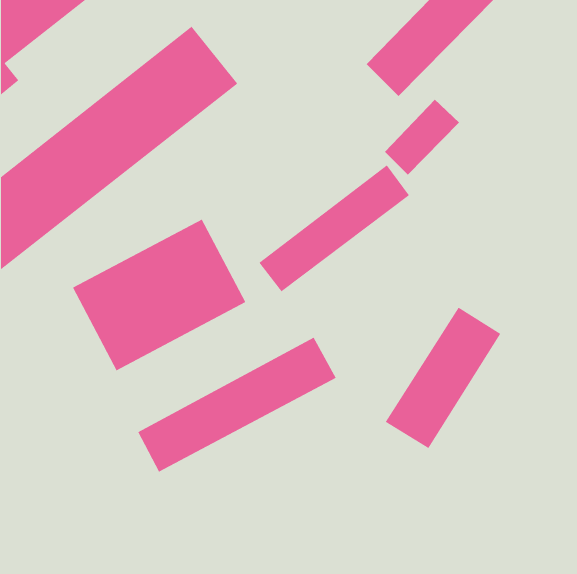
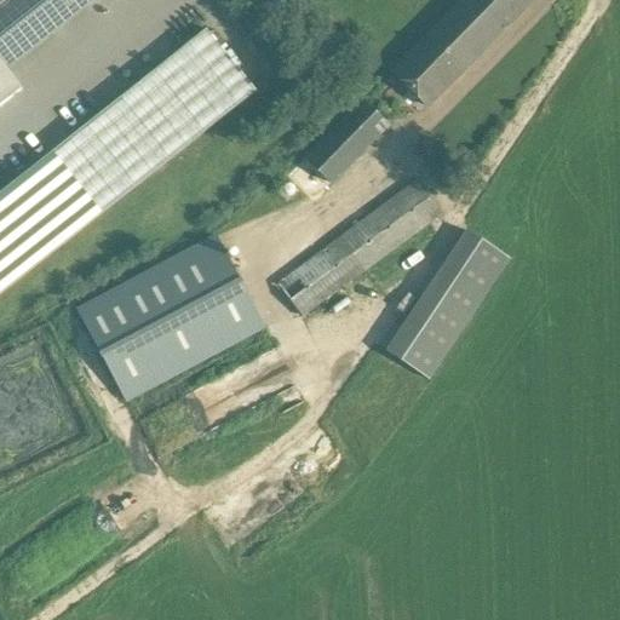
building: [384,99,460,176] -> [306,99,388,182]
building: [385,307,501,449] -> [384,226,509,379]
building: [137,337,337,473] -> none

